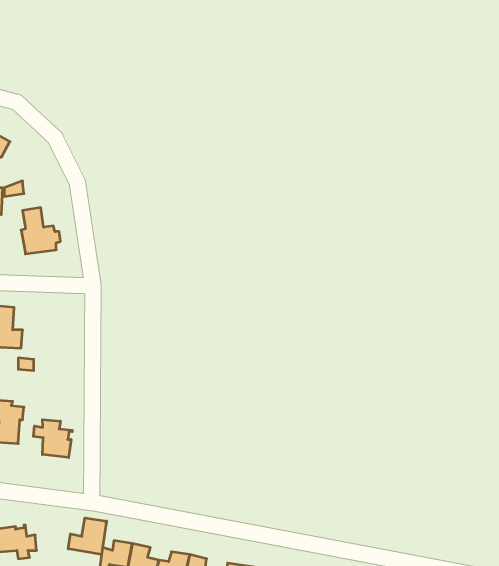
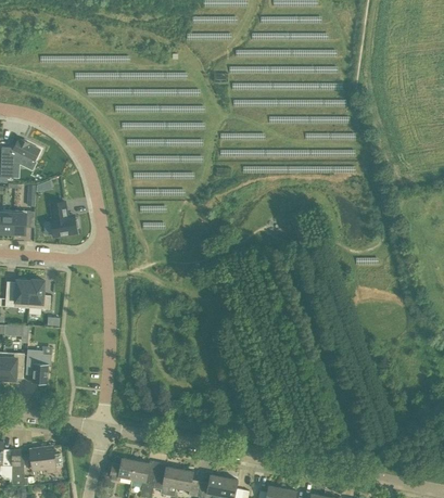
building: [33,420,72,458] -> none
building: [68,518,107,555] -> none

